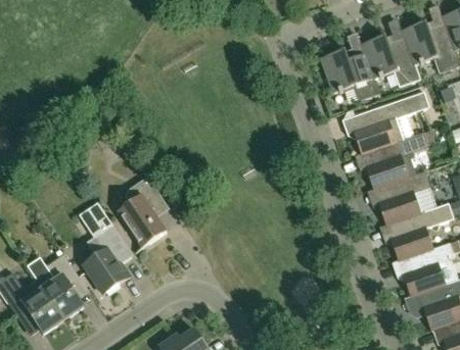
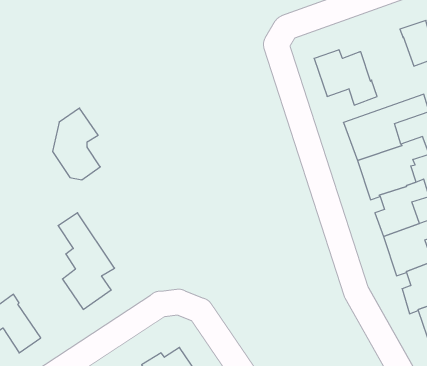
building: [360,35,419,87] -> none
building: [121,176,166,243] -> [53,108,100,180]
building: [41,253,83,319] -> none

